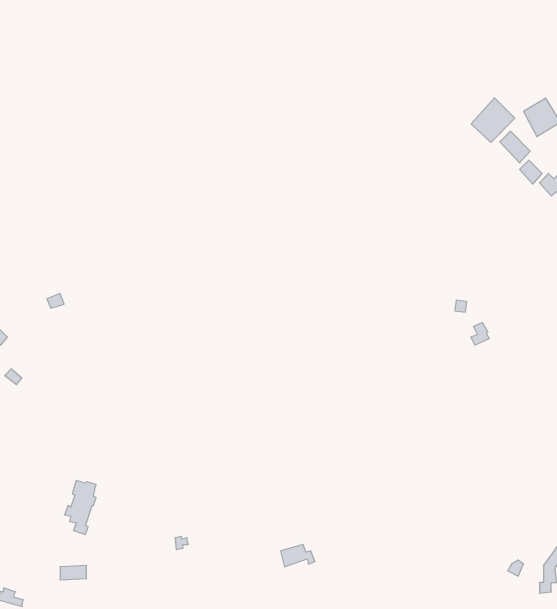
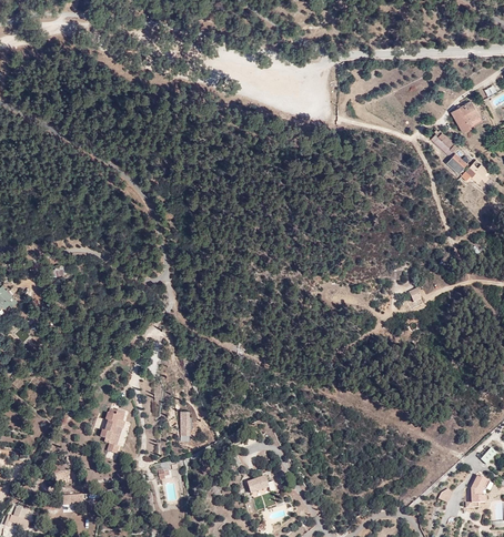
building: [471,98,515,142] -> none
building: [64,480,96,535] -> [99,407,125,453]

